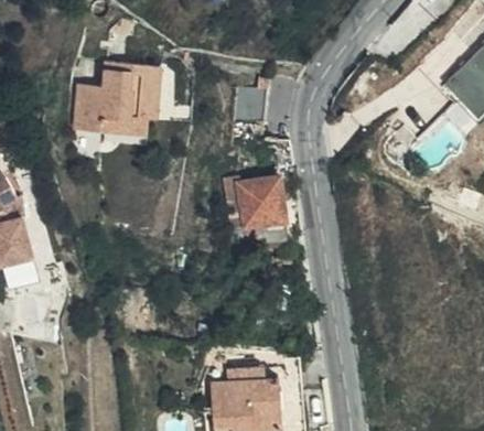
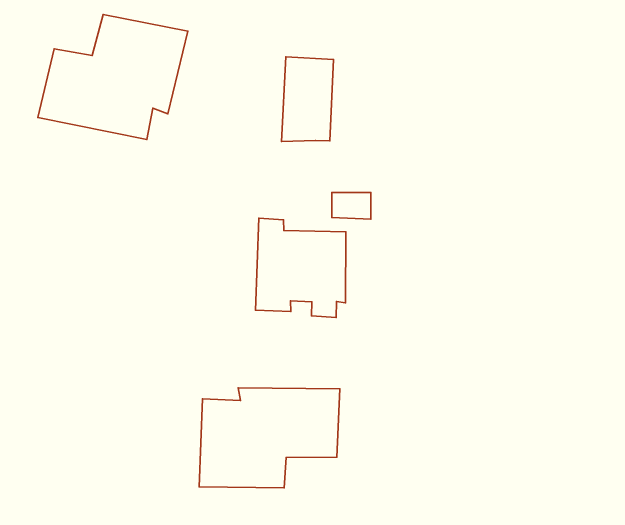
building: none -> [199,388,340,488]

